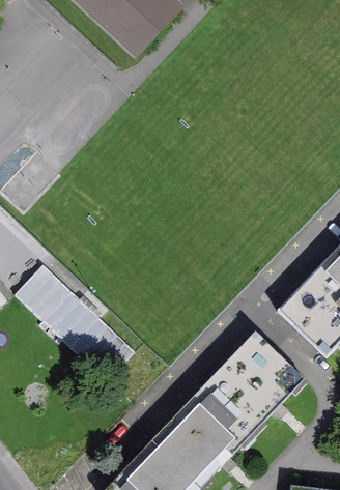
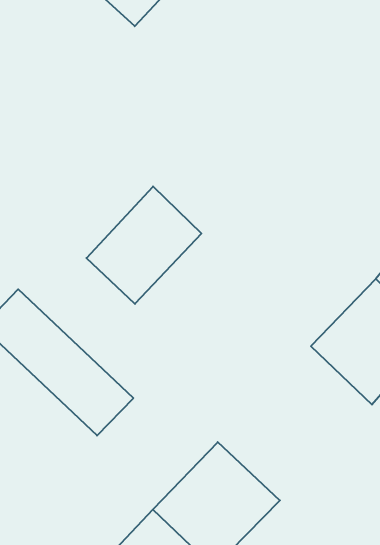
building: none -> [86,186,201,304]
building: [203,330,305,432] -> none

